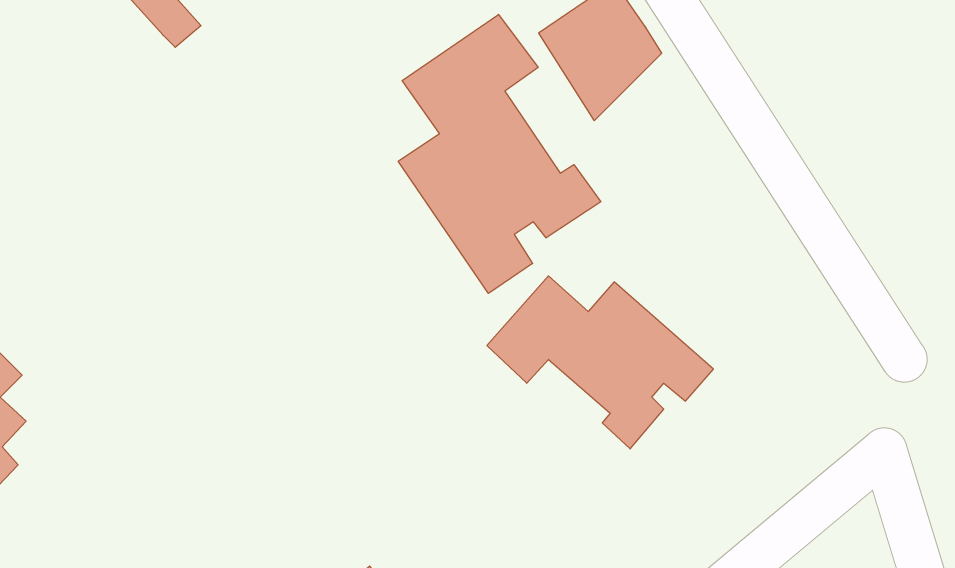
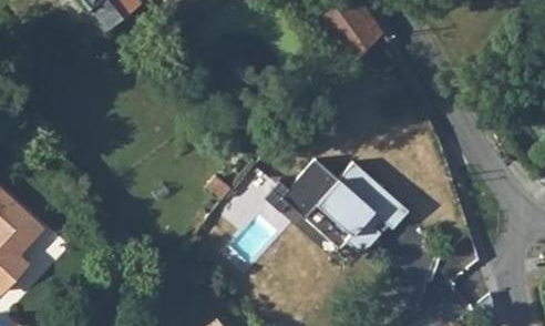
building: [398,14,601,293] -> none

